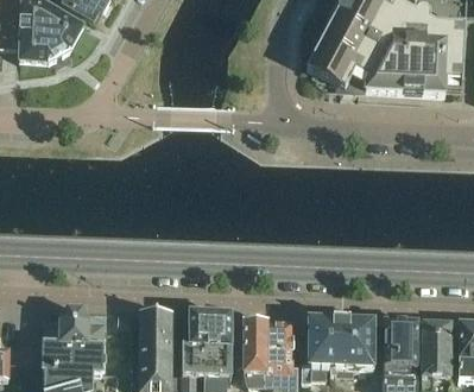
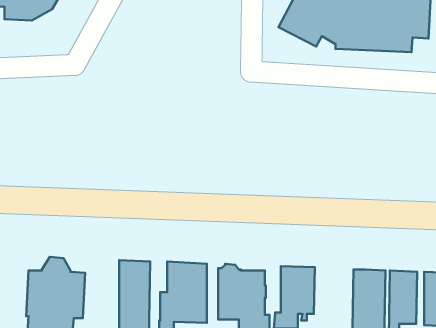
building: [342,317,373,367] -> none

